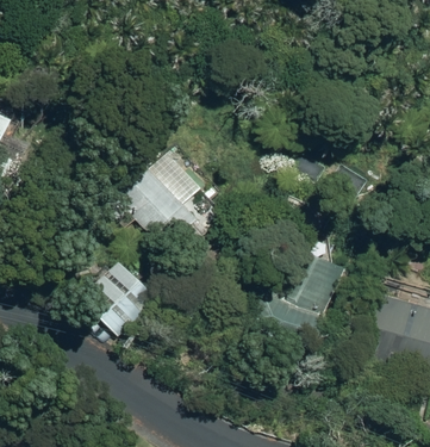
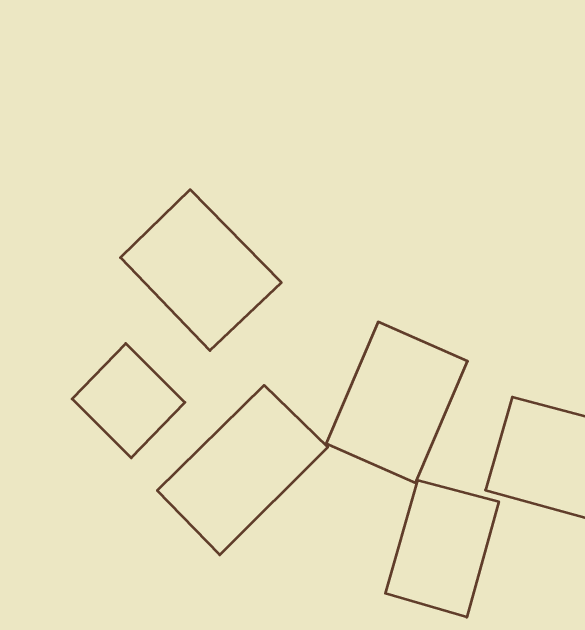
building: none -> [157,385,328,555]
building: none -> [385,480,499,617]

